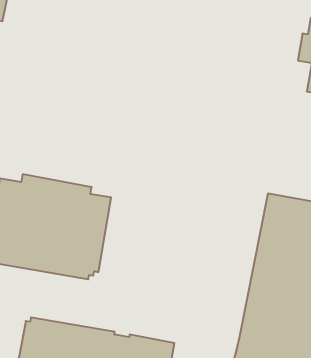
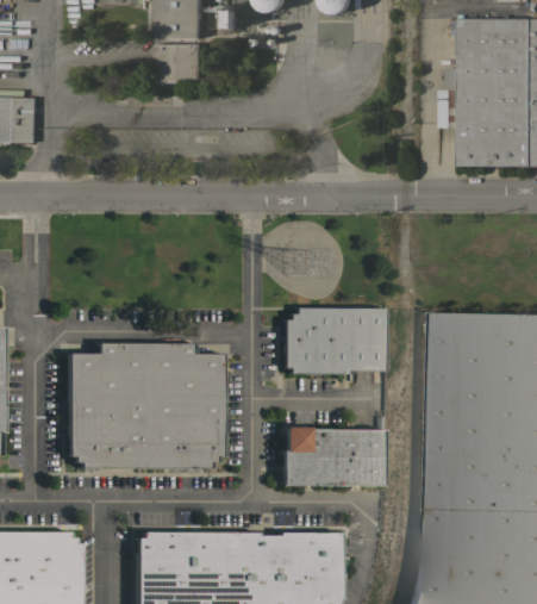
building: none -> [285,309,386,374]
building: none -> [283,428,385,485]

